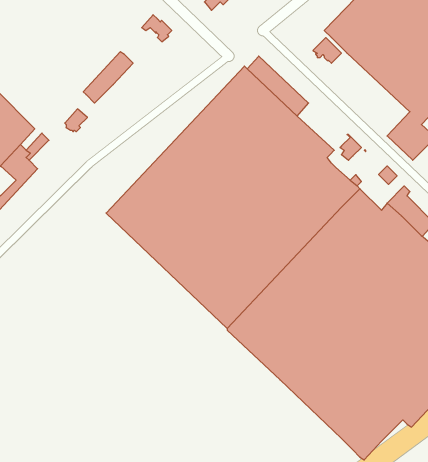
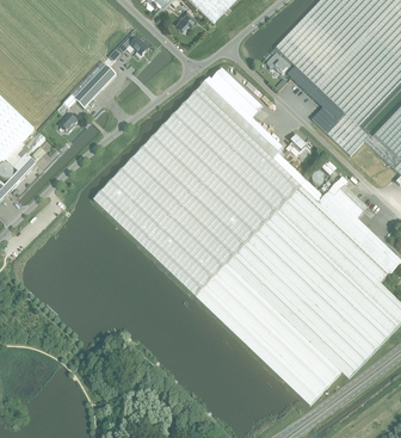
building: none -> [288,64,347,134]

